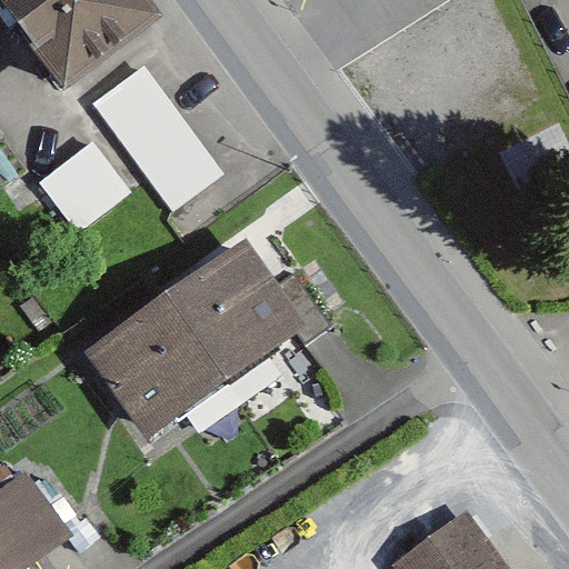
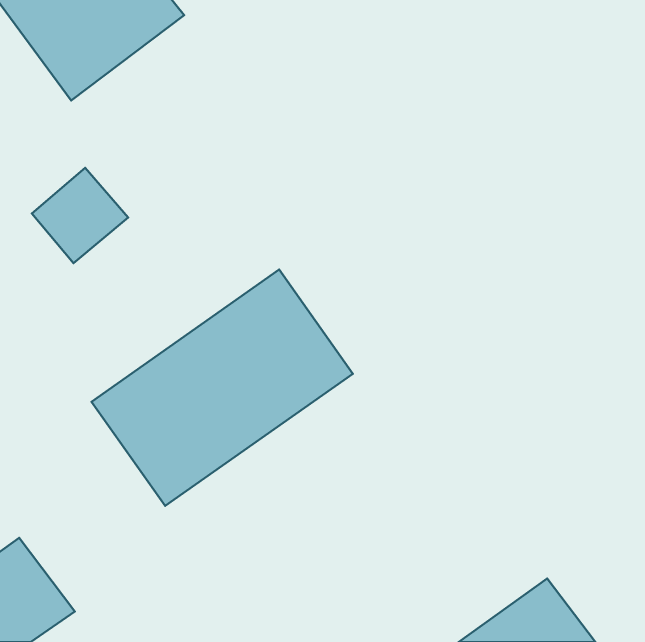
building: [100,76,229,218] -> none

